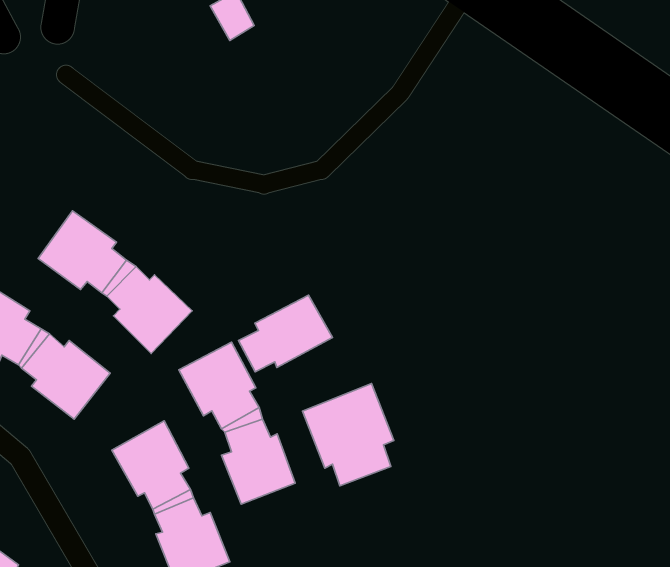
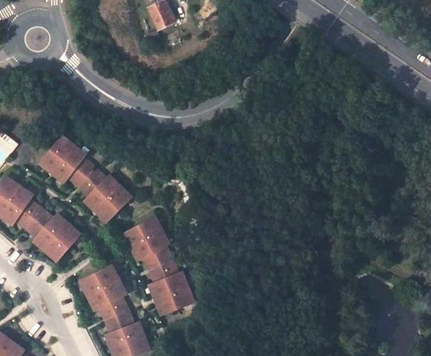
building: [239,295,333,372] -> none
building: [302,384,394,486] -> none

